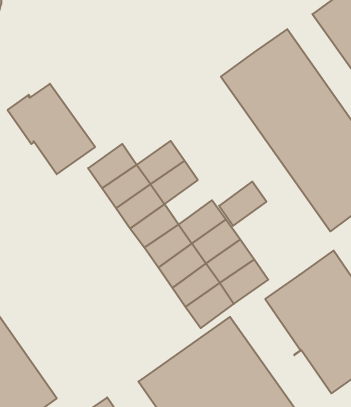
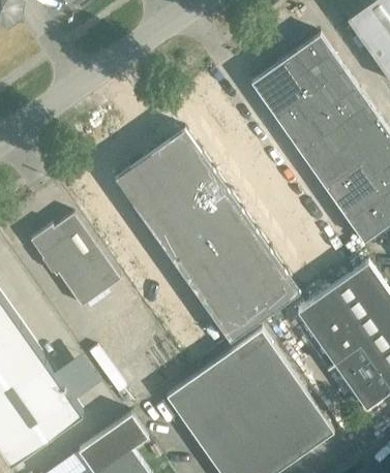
building: [8,84,95,174] -> [30,215,120,308]
building: none -> [150,129,200,175]
building: [219,182,266,226] -> [193,190,242,235]

